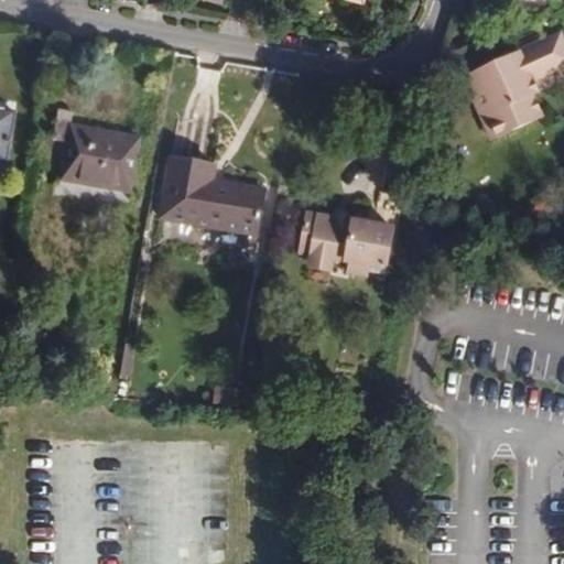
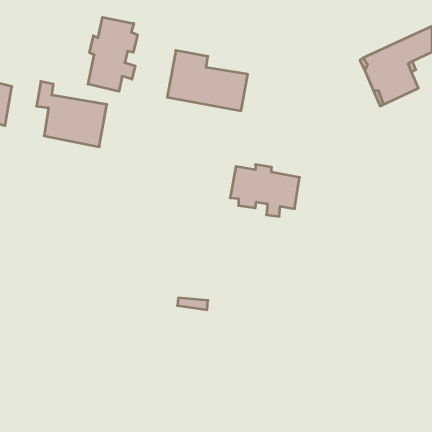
building: none -> [88,17,137,91]
building: [161,154,265,232] -> [167,50,248,111]

